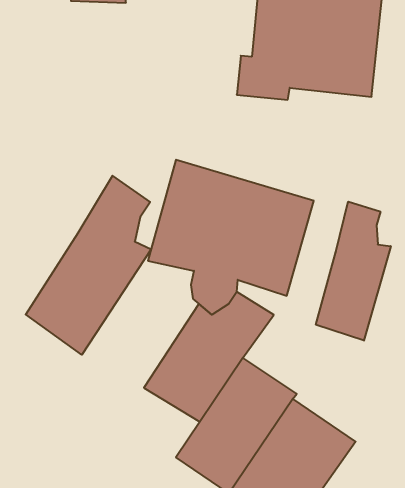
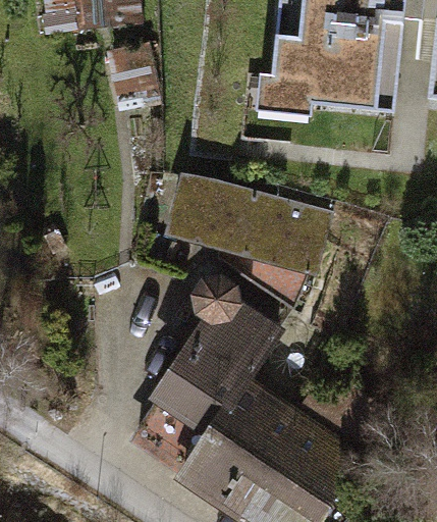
building: [26,176,151,355] -> none
building: [316,202,391,341] -> none

